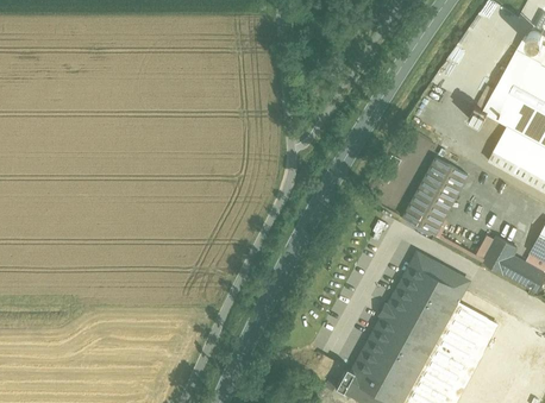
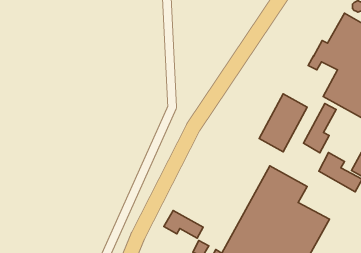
building: none -> [303,104,336,153]
building: none -> [164,211,203,238]

